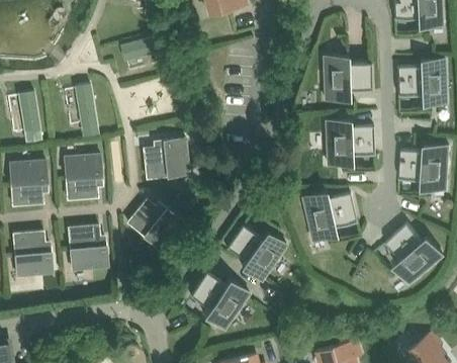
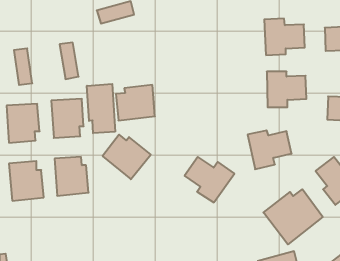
building: none -> [87,84,115,133]
building: none -> [263,189,323,244]
building: [191,271,250,329] -> none

